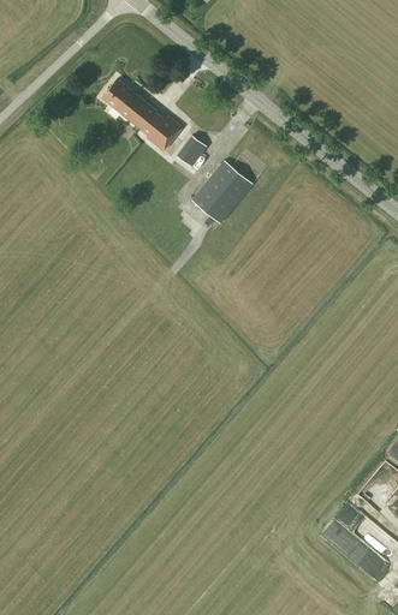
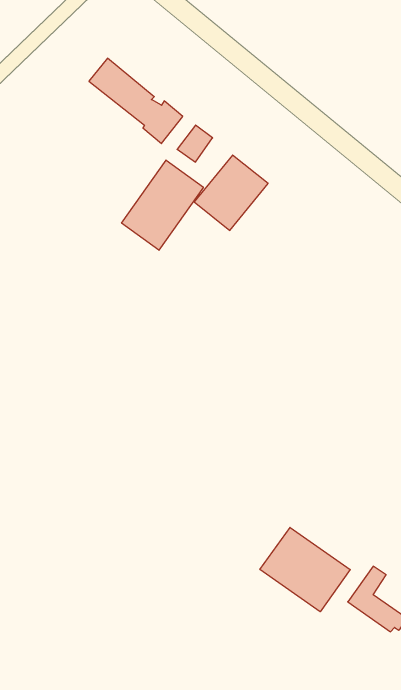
building: none -> [122,160,203,250]
building: none -> [260,527,350,612]

